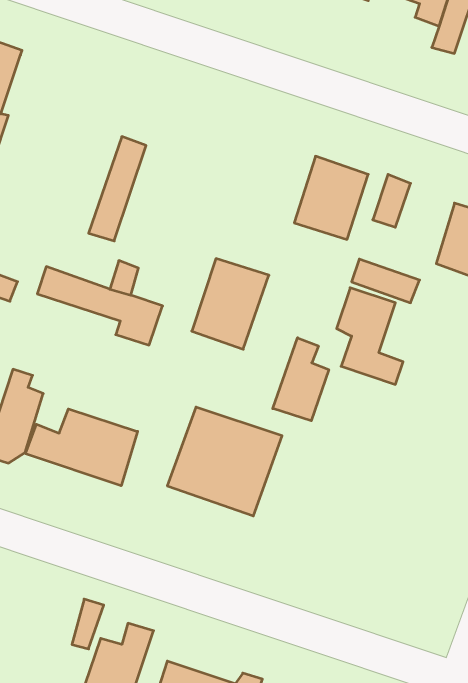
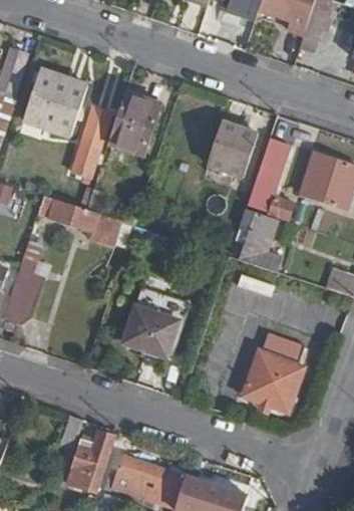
building: none -> [23,73,88,138]
building: [192,259,269,349] -> [107,94,158,155]
building: [273,338,329,421] -> none
building: [26,409,138,486] -> none
building: none -> [242,334,304,414]

